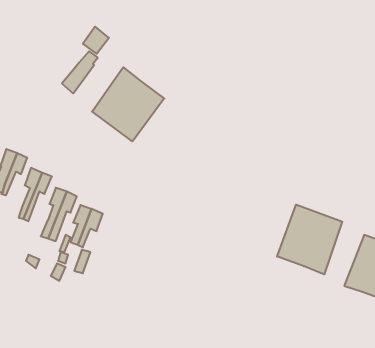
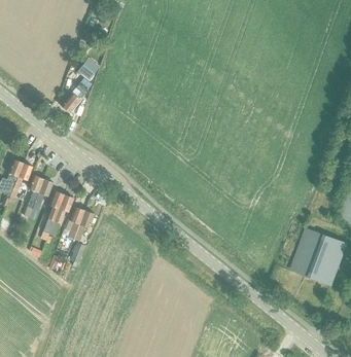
building: [92,67,164,141] -> none
building: [277,205,342,274] -> none

